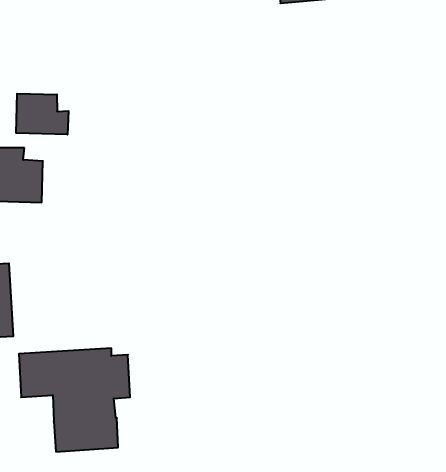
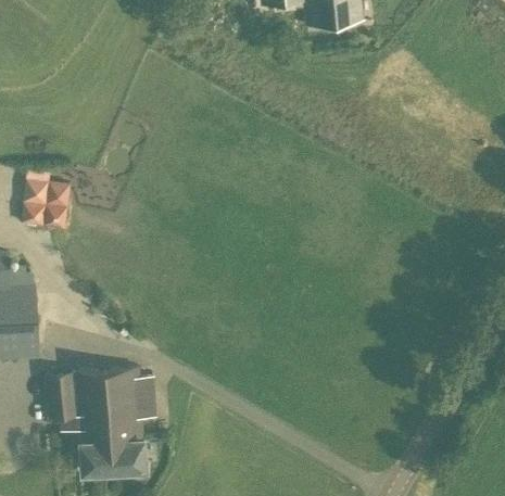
building: [16,94,69,135] -> none

